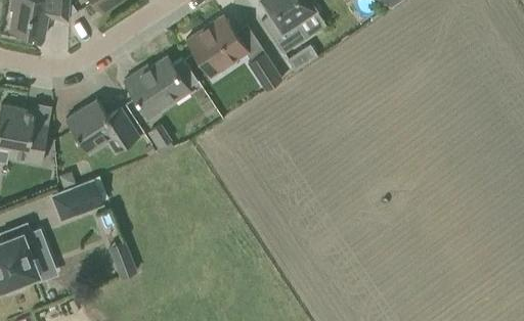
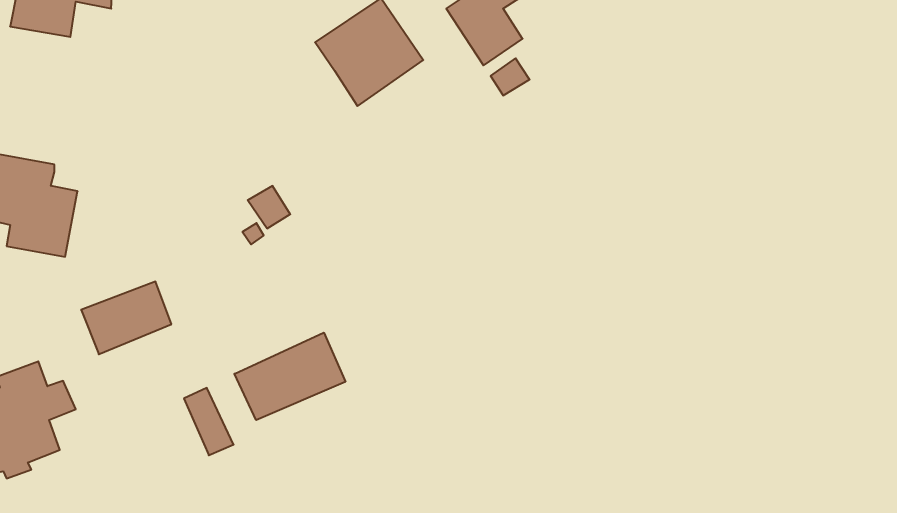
building: [247,50,282,90] -> none
building: [124,57,198,119] -> none
building: [66,99,138,153] -> none
building: none -> [234,333,345,420]

